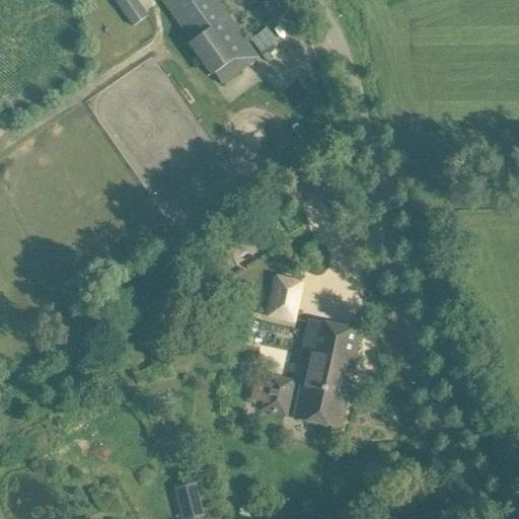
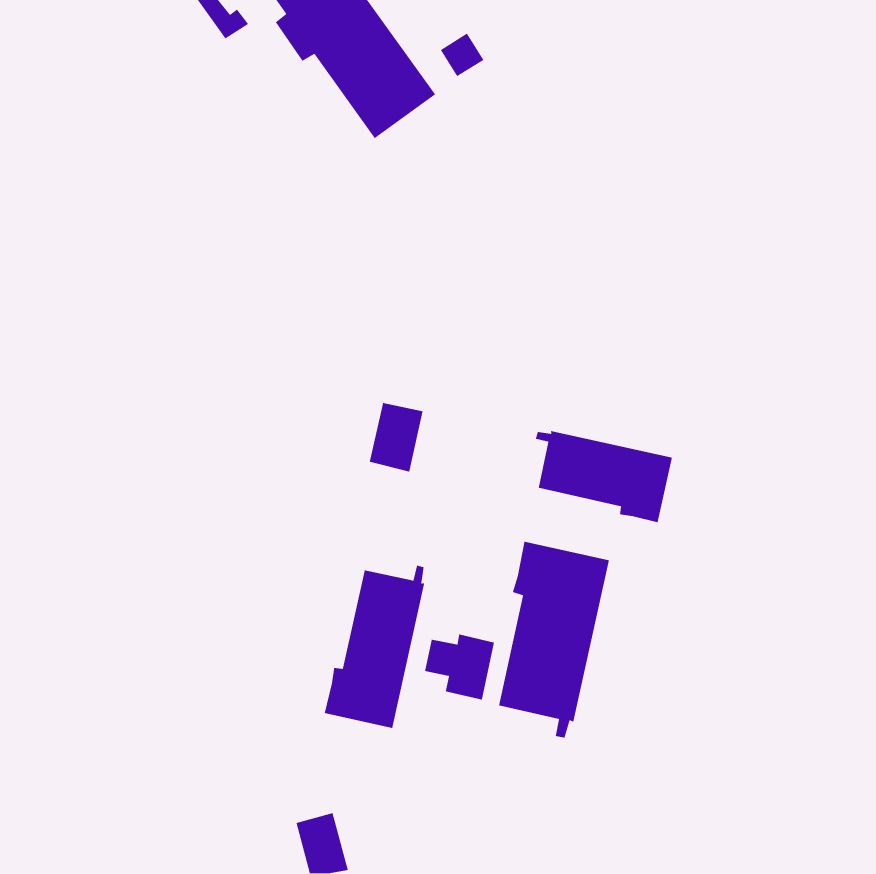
building: none -> [535,430,673,523]
building: [269,277,301,318] -> [369,402,424,473]
building: none -> [324,565,425,729]

